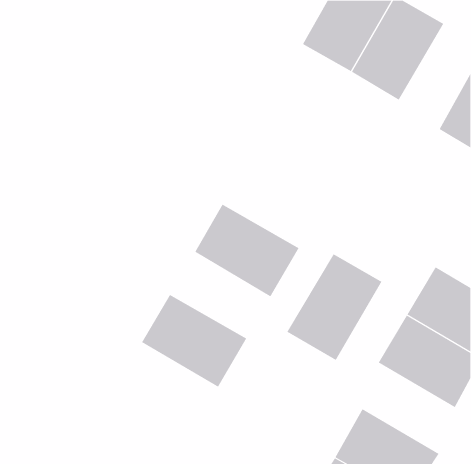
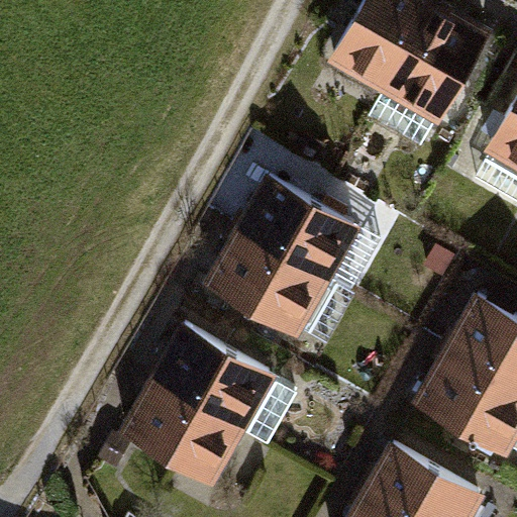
building: none -> [243,179,358,280]
building: [287,254,382,361] -> none
building: none -> [124,383,239,485]

